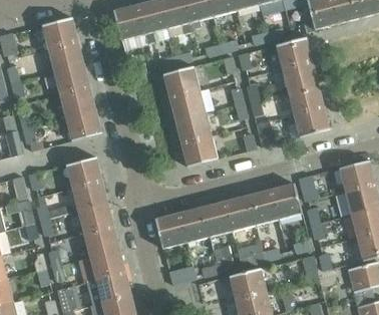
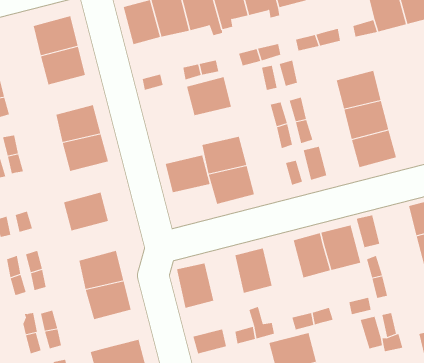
building: [276,36,312,68] -> none
building: [54,64,90,95] -> none
building: [169,89,206,119] -> [165,155,210,193]
building: [72,180,108,211] -> none
building: [225,195,256,231] -> none
building: [178,207,209,243] -> none
building: [90,250,126,281] -> none

